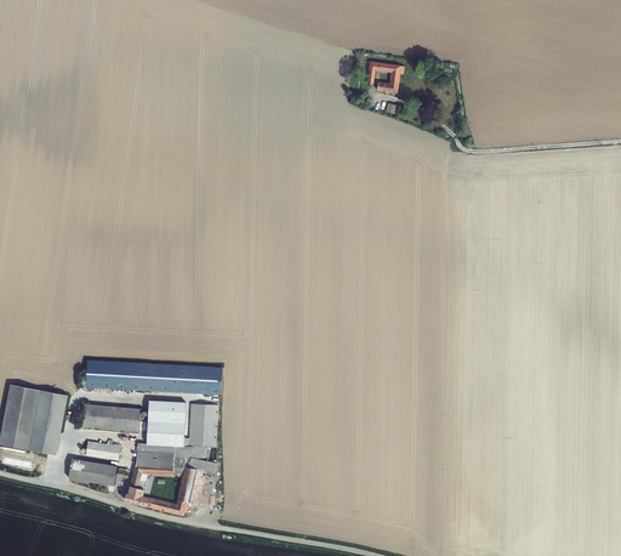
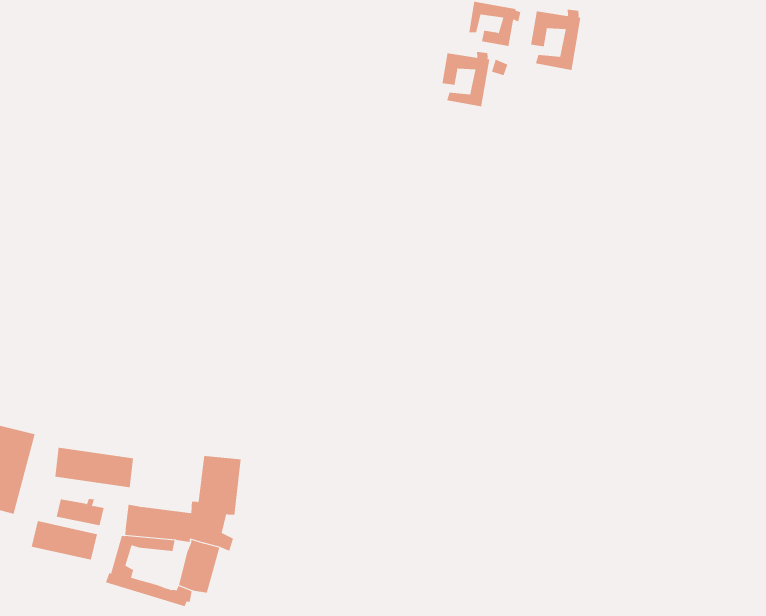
building: none -> [530,9,581,71]
building: none -> [442,51,490,107]
building: [85,361,222,396] -> none
building: [147,401,186,447] -> none

